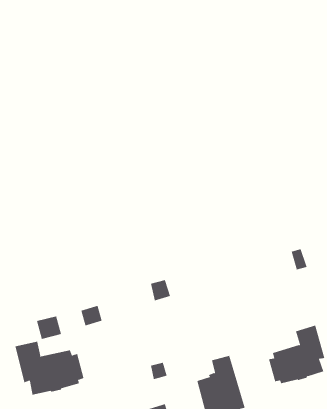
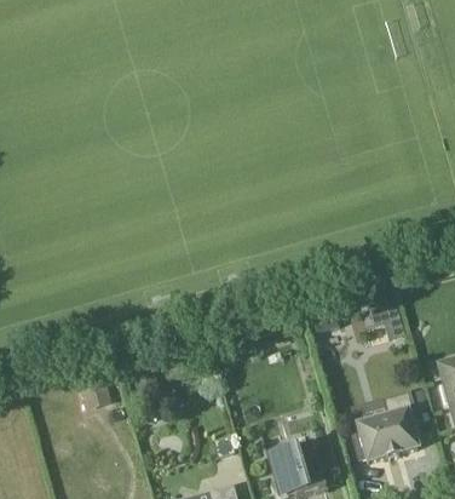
building: [15,341,84,396] -> none

